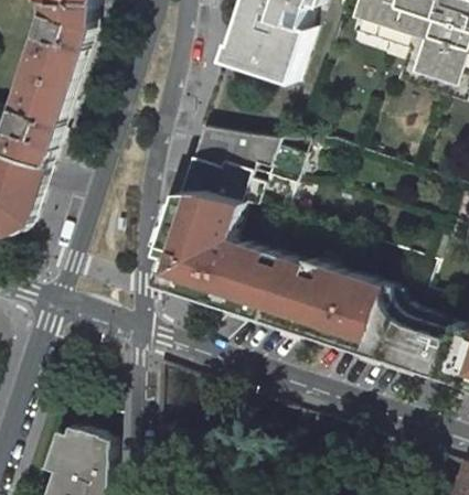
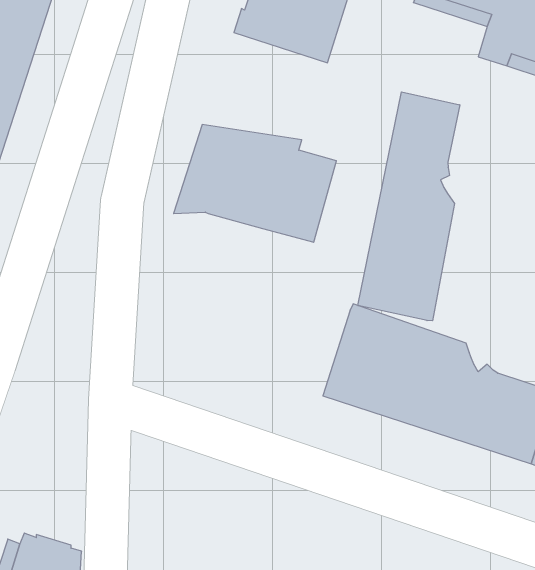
building: none -> [358,92,460,321]
building: [152,190,302,324] -> none

